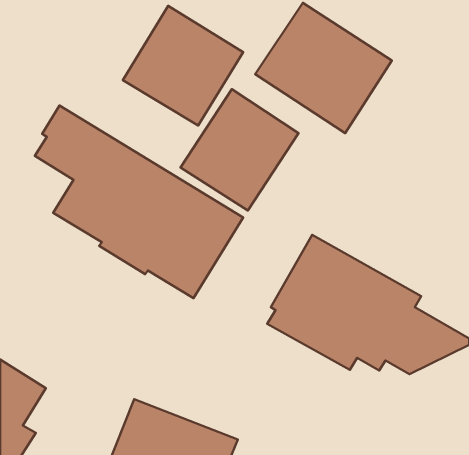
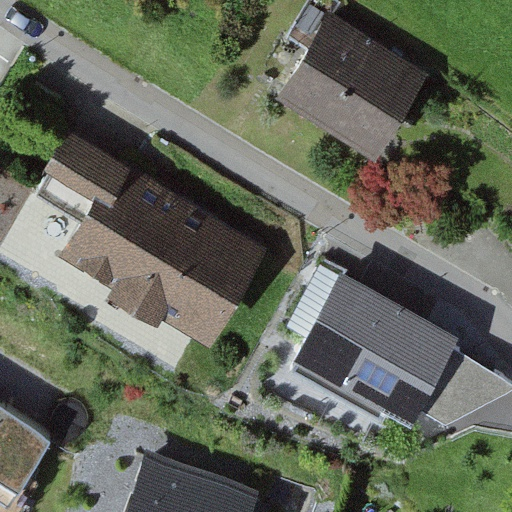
building: [123,6,243,125] -> none
building: [181,89,299,210] -> none

